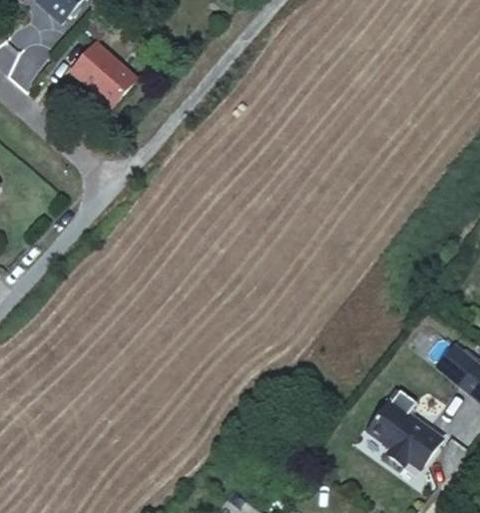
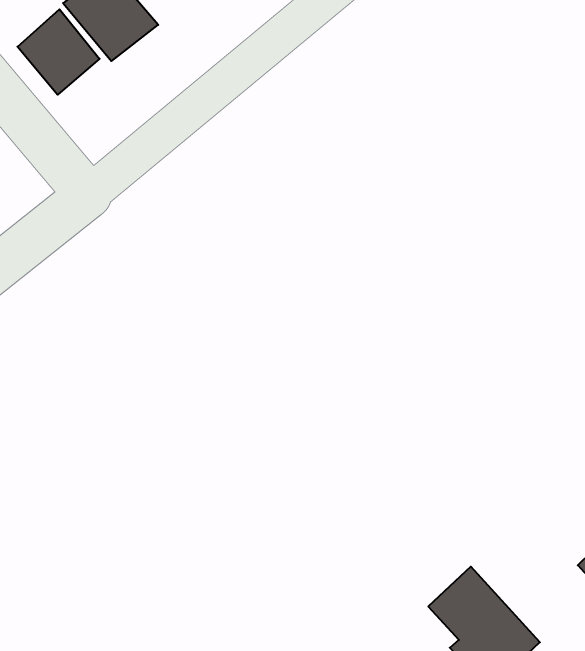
building: none -> [17,9,100,95]

